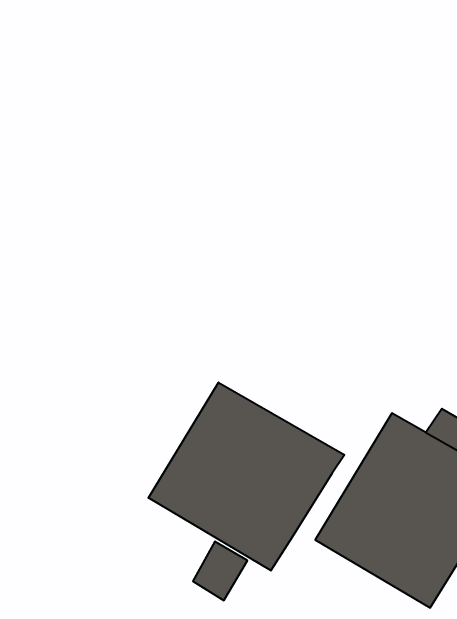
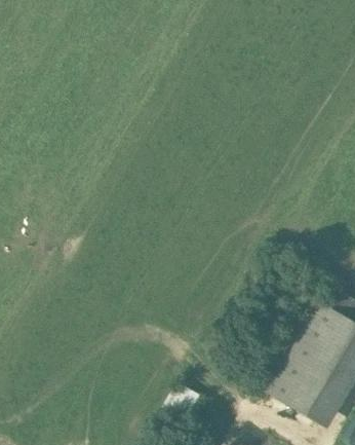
building: [148,382,344,571] -> none

